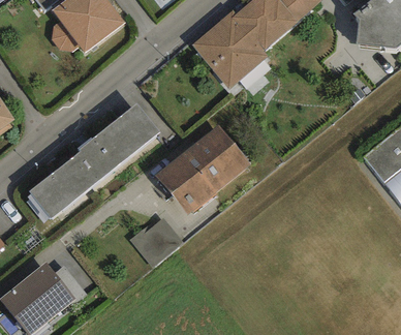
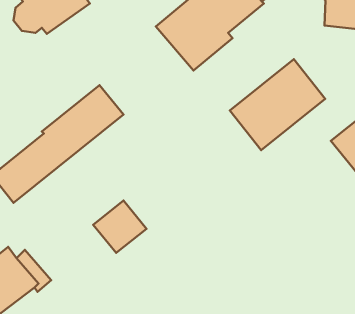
building: [155,125,249,215] -> [230,59,325,150]

